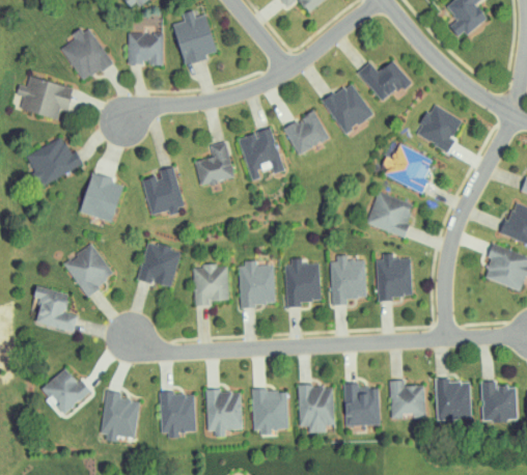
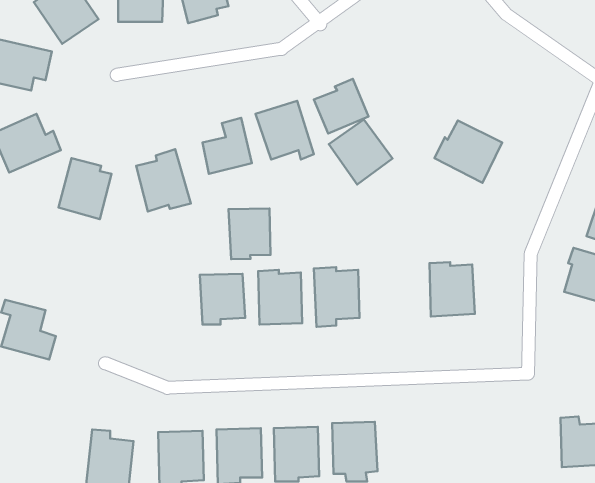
building: [357,59,411,104] -> none
building: [323,82,373,134] -> [329,119,392,184]
building: [416,104,465,151] -> none
building: [367,192,415,236] -> none
building: none -> [229,208,271,259]
building: [138,242,181,288] -> none
building: [64,244,114,296] -> none
building: [331,257,367,305] -> none
building: [41,366,91,414] -> none
building: [390,379,425,418] -> none
building: [436,379,471,415] -> none
building: [344,382,381,425] -> none

